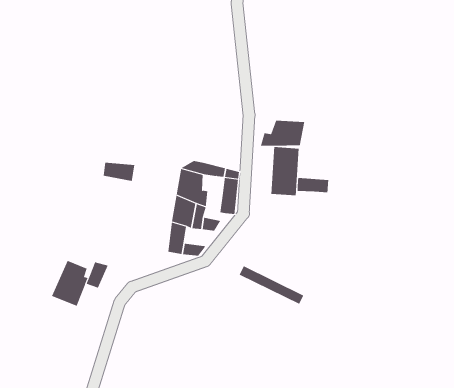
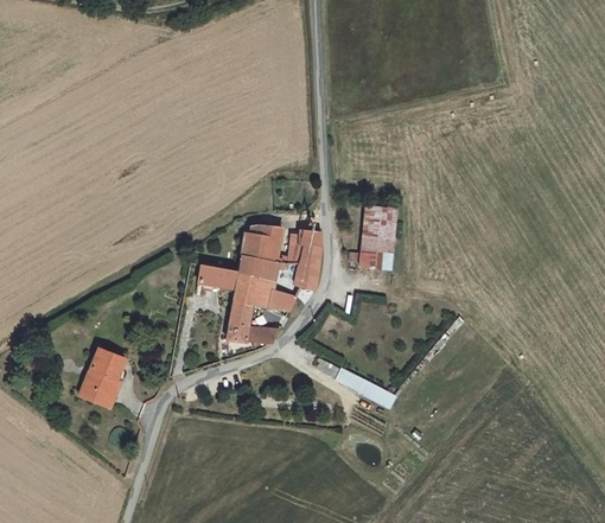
building: [260,120,305,147] -> none
building: [103,162,135,182] -> [197,263,238,288]
building: [297,177,329,193] -> none
building: [86,262,108,289] -> none

